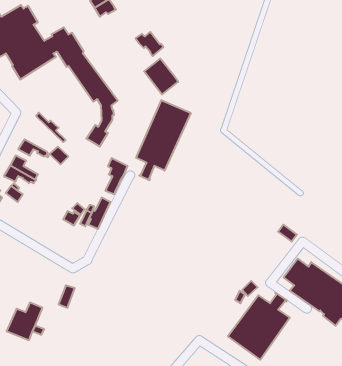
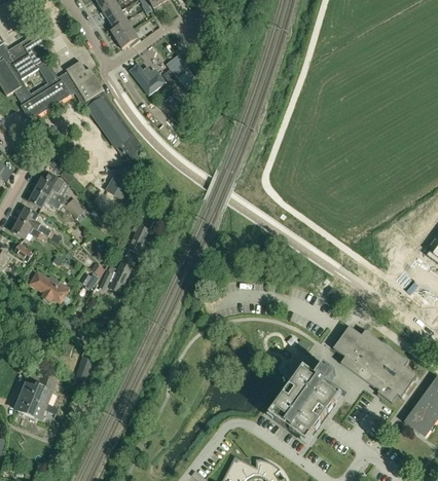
building: [144,59,178,94] -> [127,52,167,94]
building: [136,100,191,180] -> none
building: none -> [35,173,64,204]
building: none -> [29,270,68,303]

